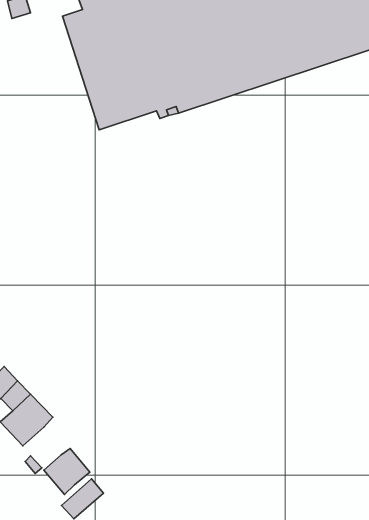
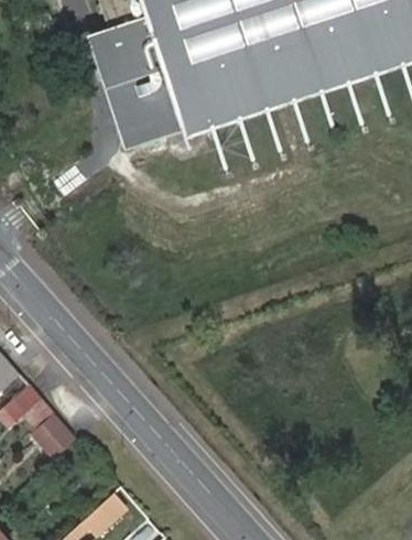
building: [44,449,90,495] -> none

